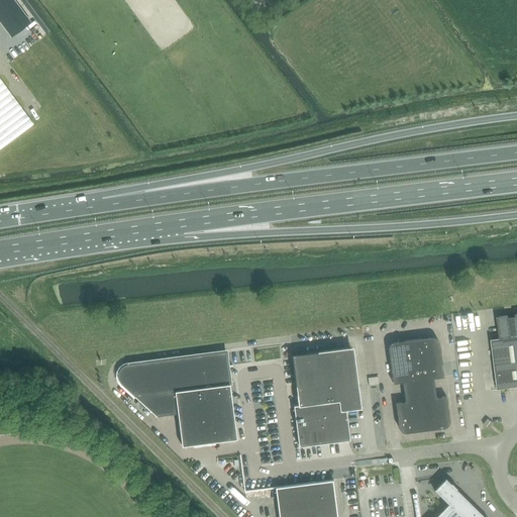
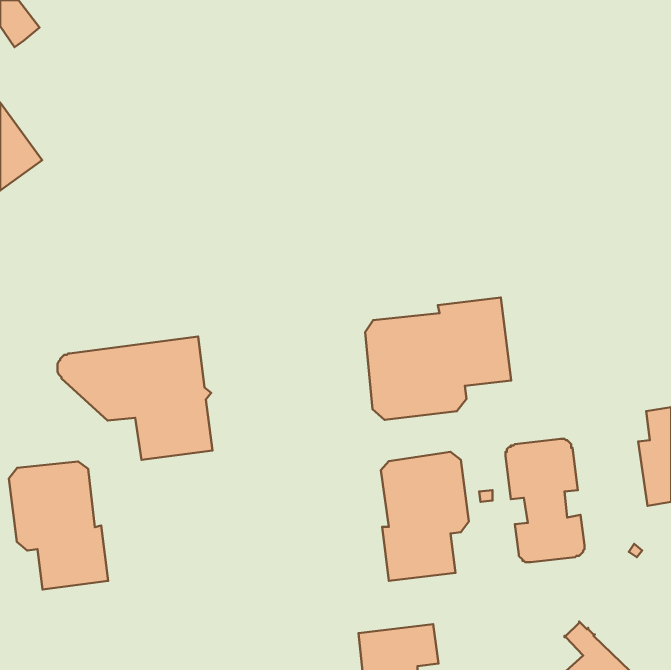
building: none -> [365,298,511,420]
building: [118,352,237,447] -> [58,336,212,460]
building: none -> [9,462,108,590]

